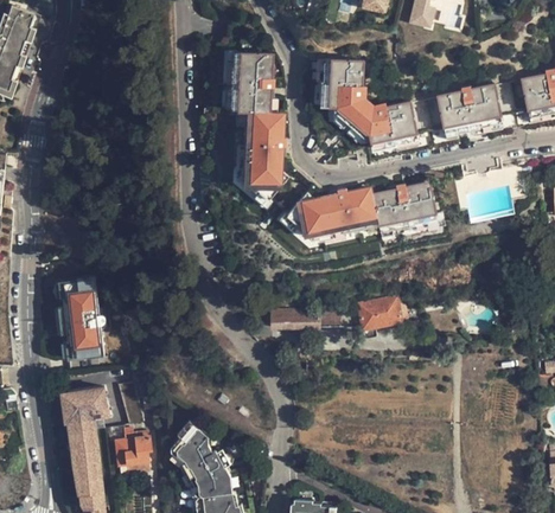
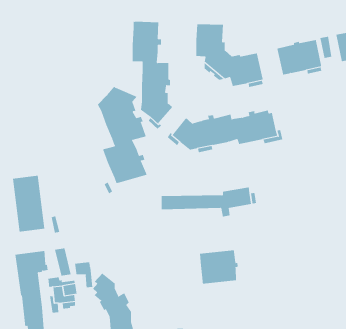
building: none -> [97,86,148,184]
building: none -> [199,250,238,284]
building: none -> [75,262,93,288]

